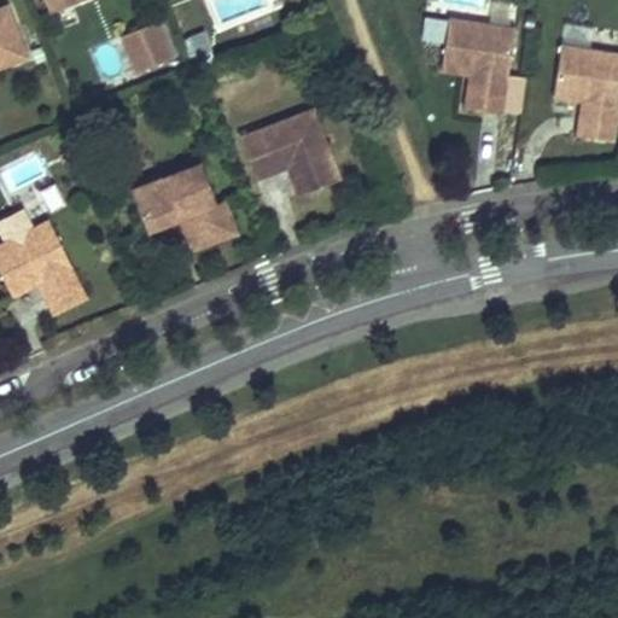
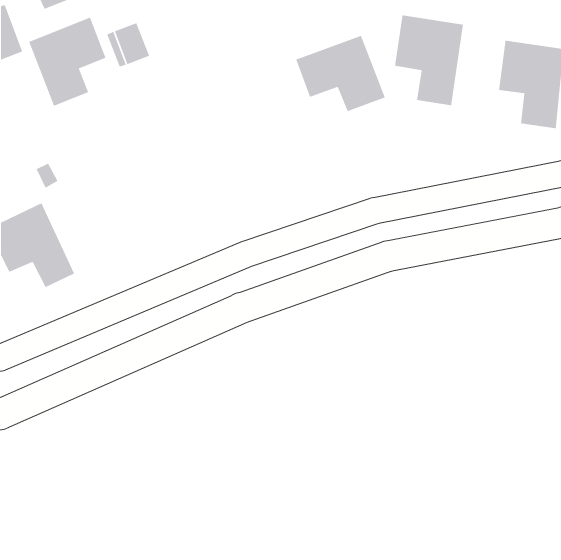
building: none -> [28,17,107,107]
building: [243,111,342,196] -> [295,35,386,112]
building: [133,163,239,253] -> none

